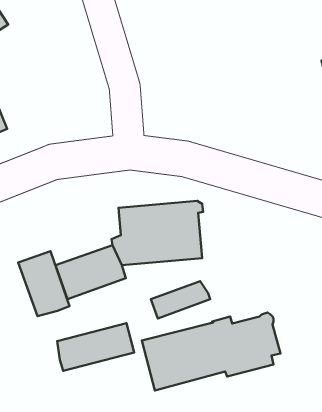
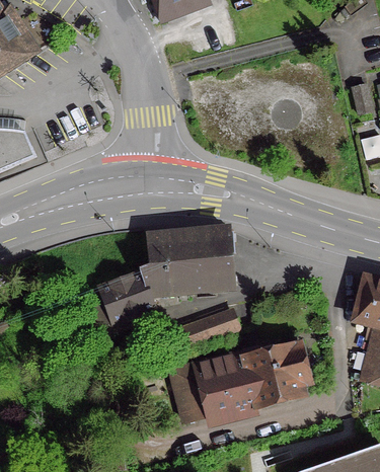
building: [18,251,69,316] -> none
building: [57,323,134,371] -> none

